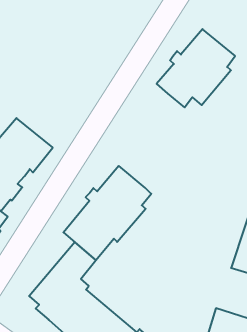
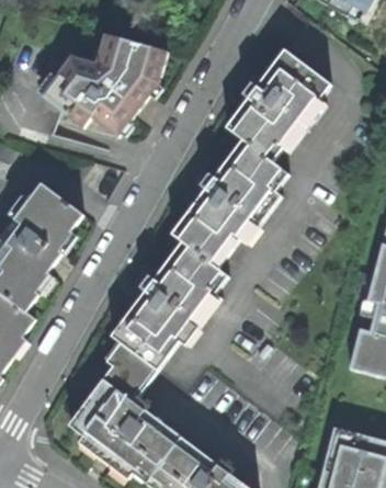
building: none -> [39,32,167,134]
building: none -> [172,137,290,266]

